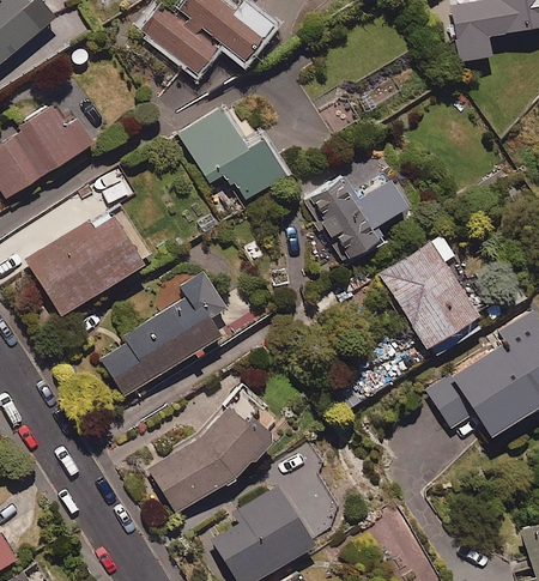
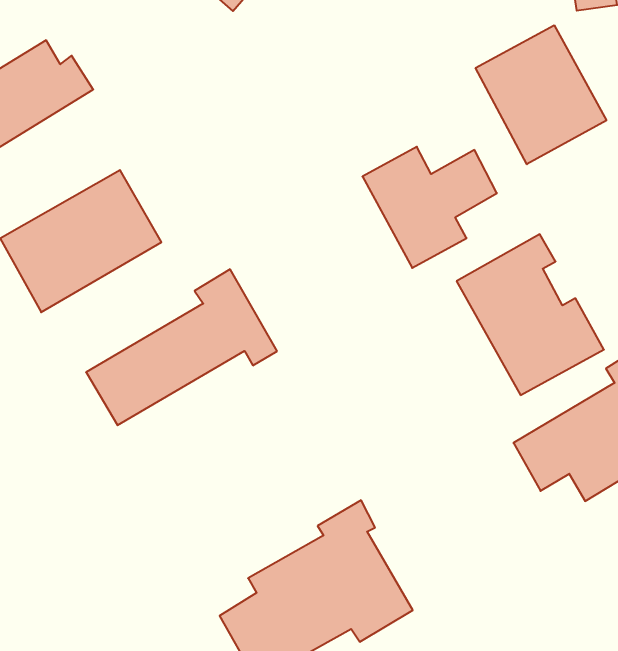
building: none -> [476,25,606,164]
building: [181,111,286,201] -> none
building: [147,395,275,515] -> none

